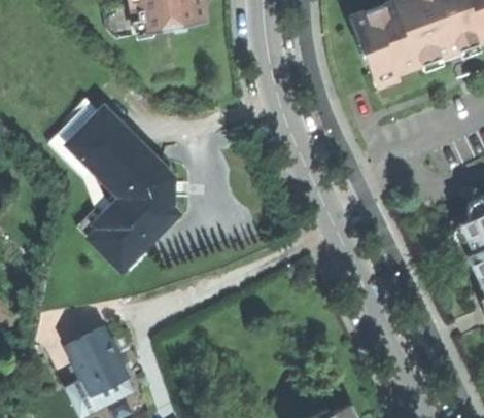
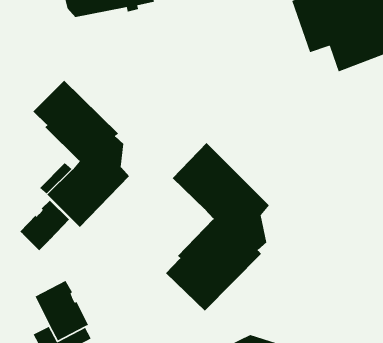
building: none -> [165,142,270,312]
building: none -> [19,200,70,251]

